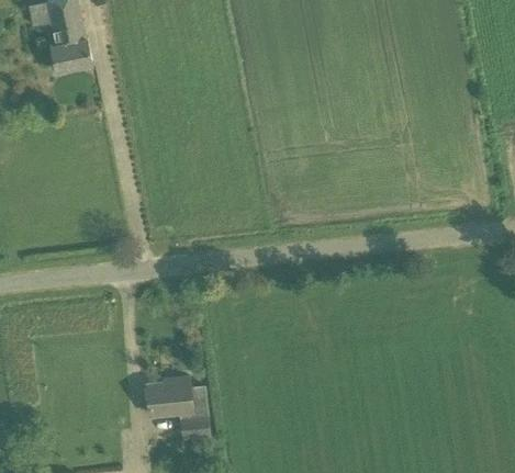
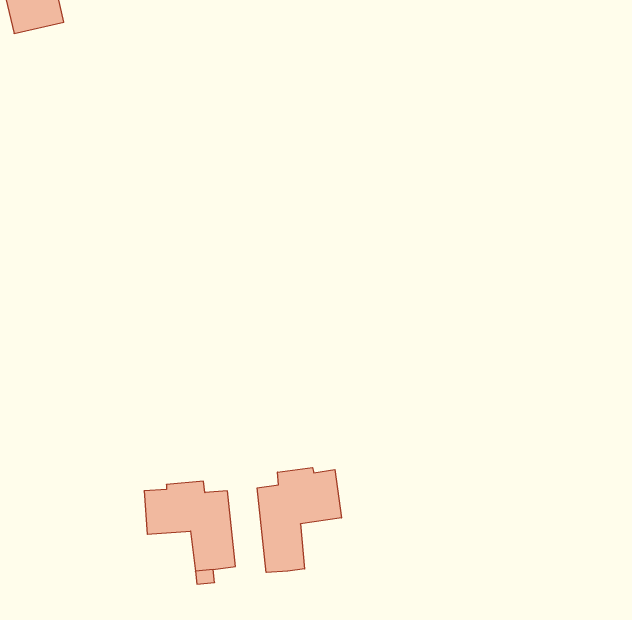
building: none -> [257,468,341,572]

